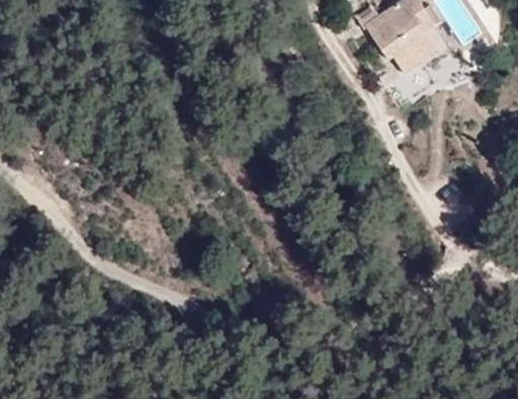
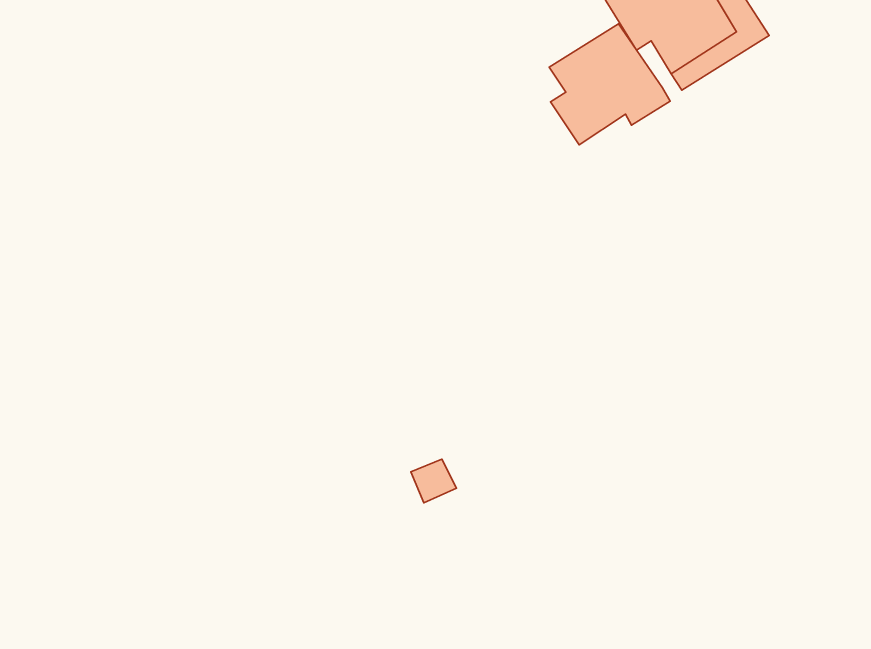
building: none -> [549,24,670,145]

